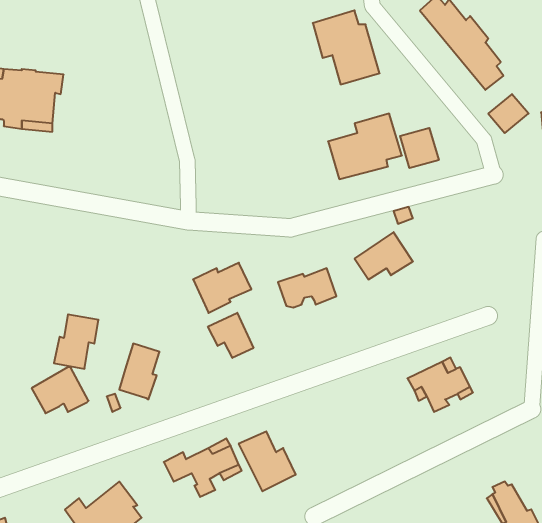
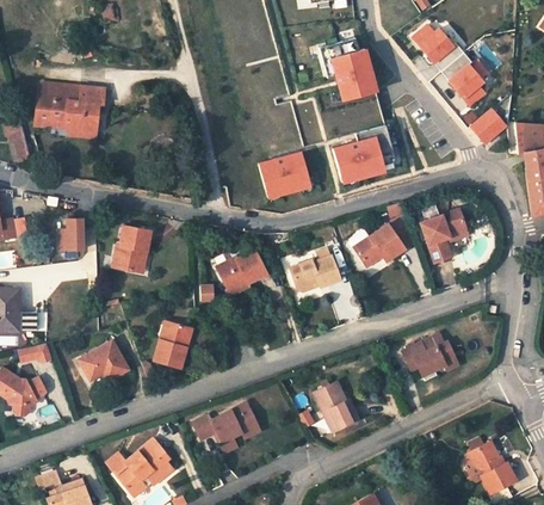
building: [400,128,439,168] -> none
building: none -> [259,152,311,197]
building: none -> [421,210,469,264]
building: none -> [61,218,85,250]
building: [208,313,253,358] -> none
building: [54,314,99,369] -> [113,227,152,273]
building: [239,431,296,491] -> [313,381,361,432]

